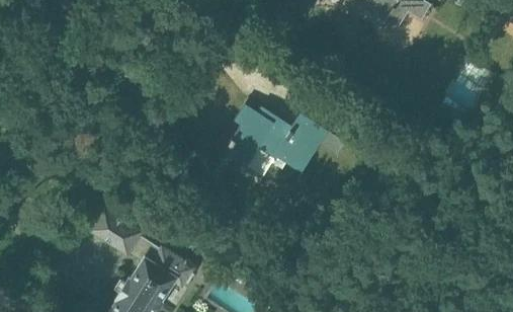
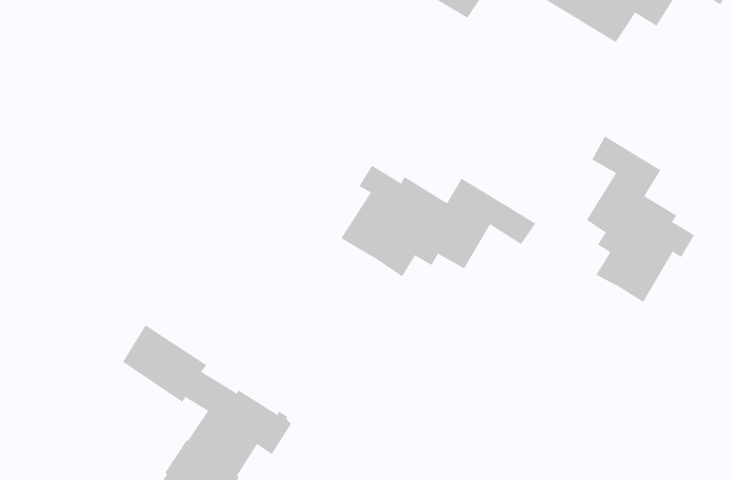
building: none -> [586,135,695,303]

